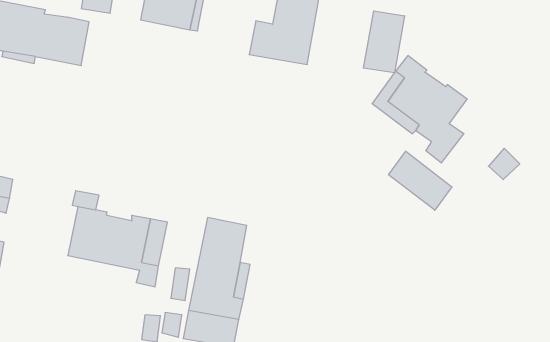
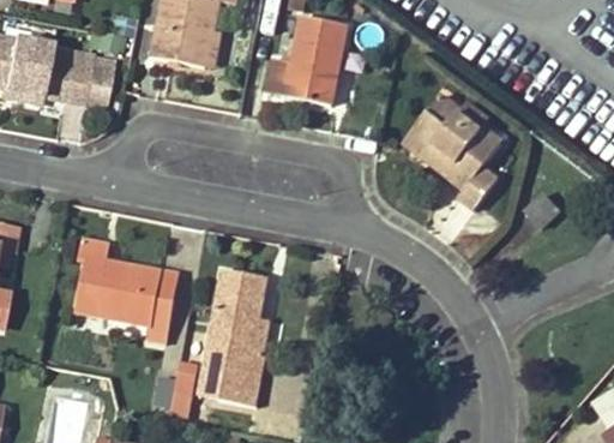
building: [363,11,405,73] -> none
building: [389,151,452,210] -> none

